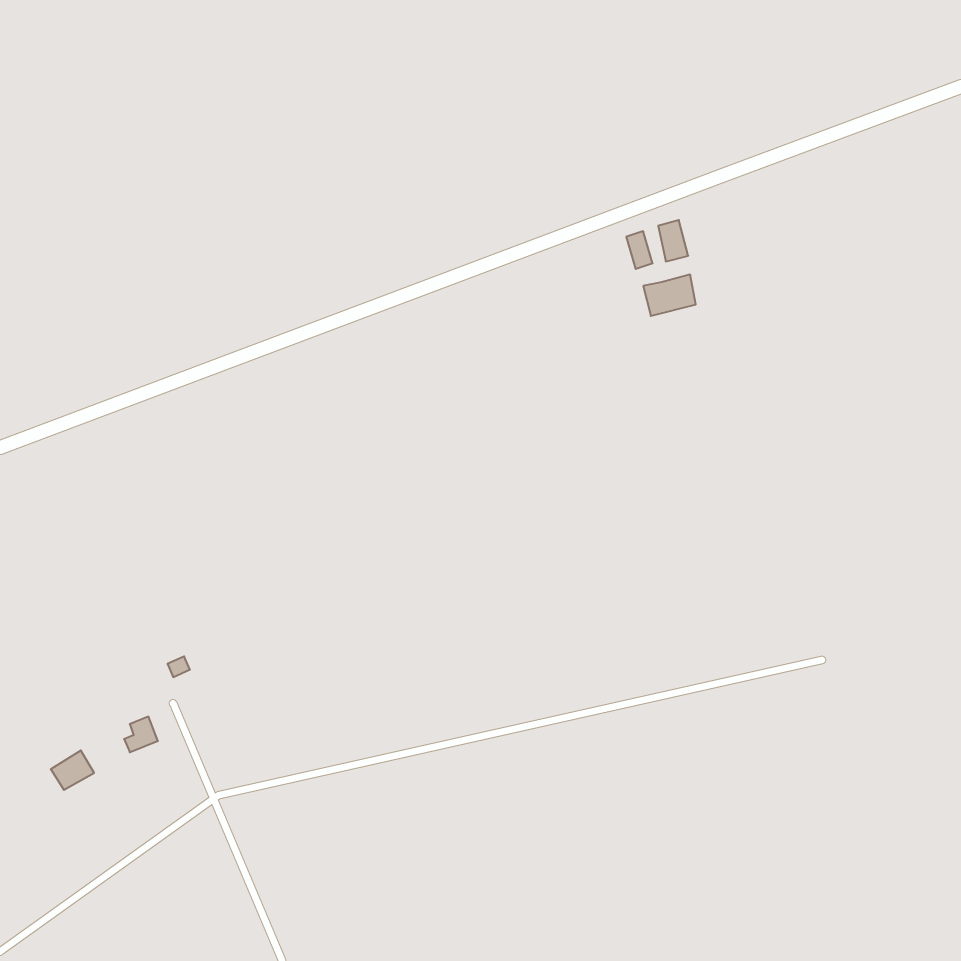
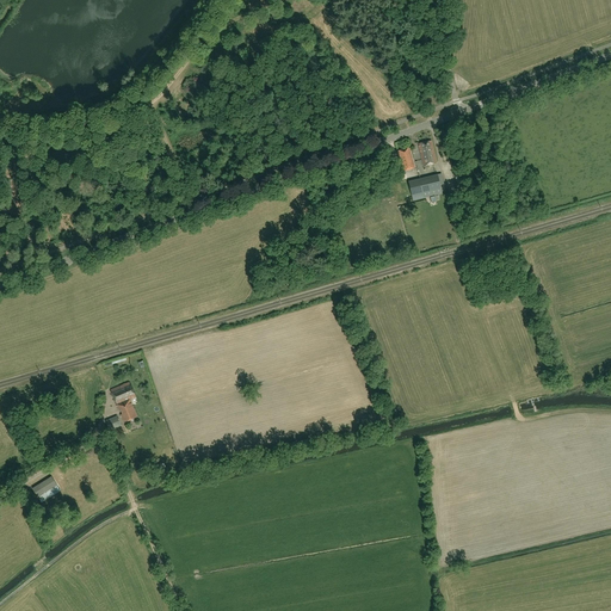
building: none -> [110,382,137,422]

